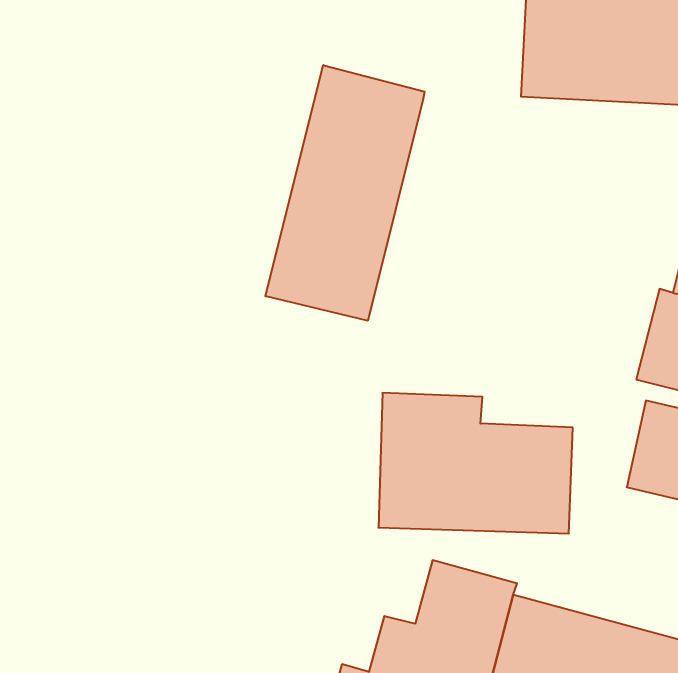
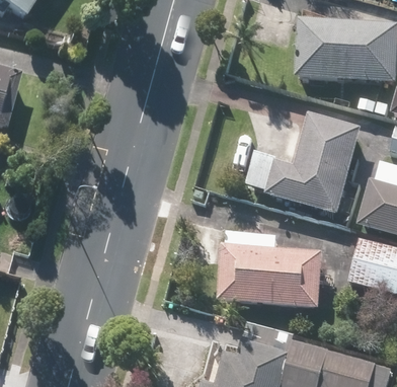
building: [265,65,425,321] -> none
building: none -> [264,115,361,214]

